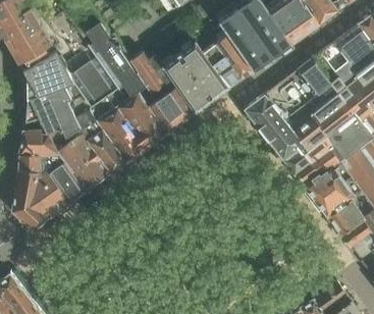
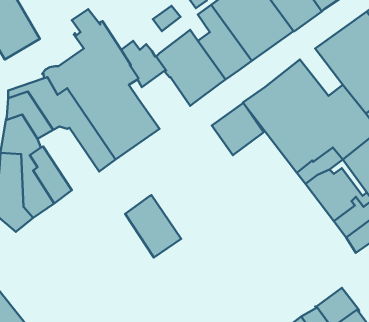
building: [23,50,70,98] -> none
building: [298,59,337,103] -> none
building: [148,86,196,134] -> [212,103,263,155]
building: [59,133,111,191] -> [125,195,181,258]

